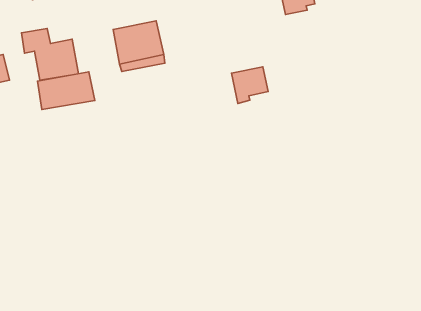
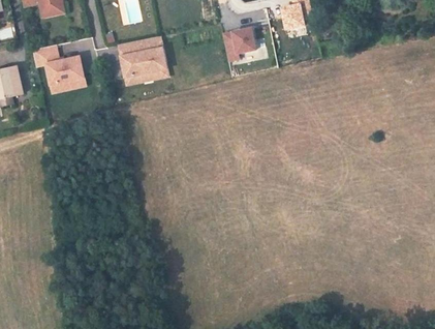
building: [231,67,268,103] -> [221,26,256,61]
building: [37,72,95,109] -> none

